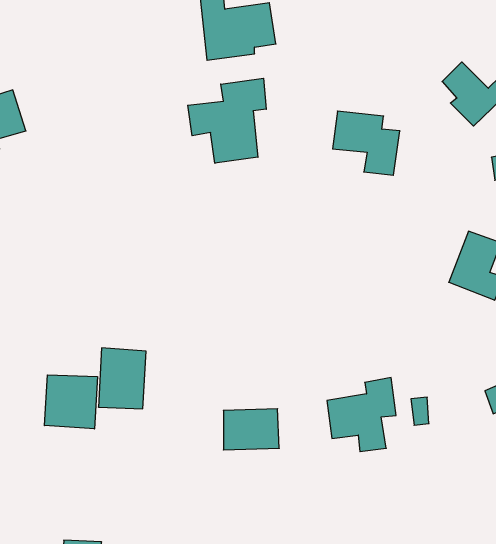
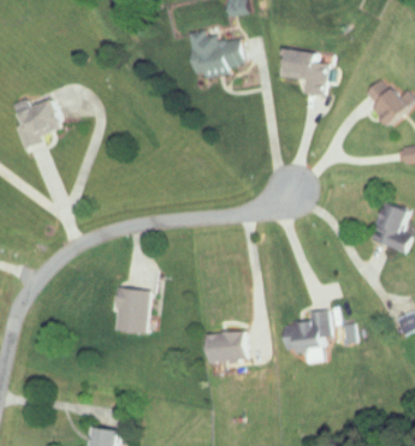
building: [188,78,266,163] -> none
building: [333,111,400,175] -> [279,48,328,95]
building: [44,375,97,429] -> none

